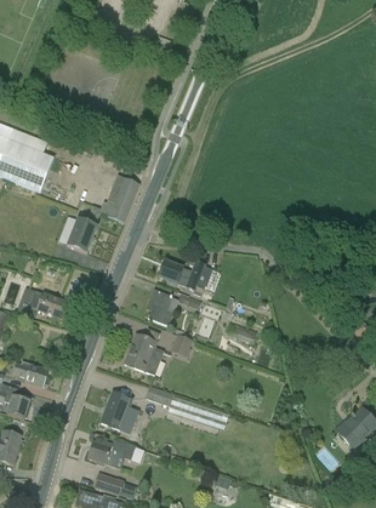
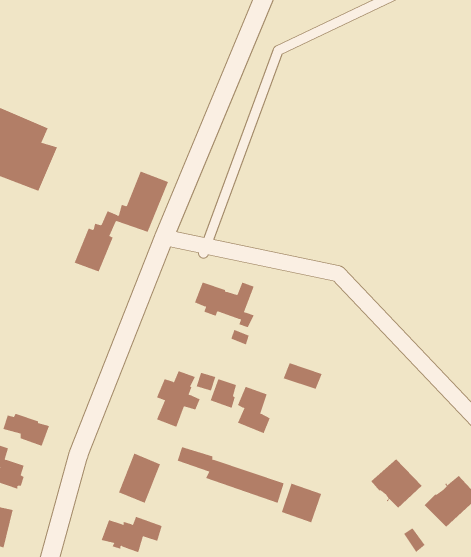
building: [148,290,173,326] -> [237,386,271,434]
building: [17,291,69,319] -> none
building: none -> [370,459,422,508]
building: none -> [281,483,322,523]

